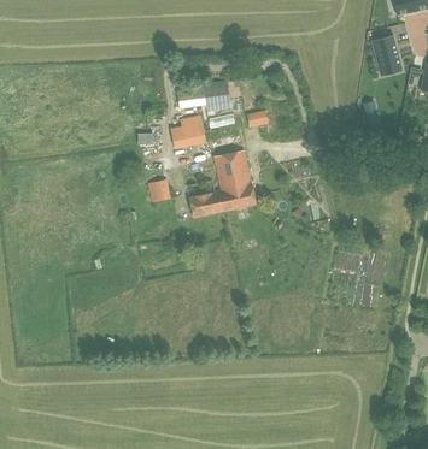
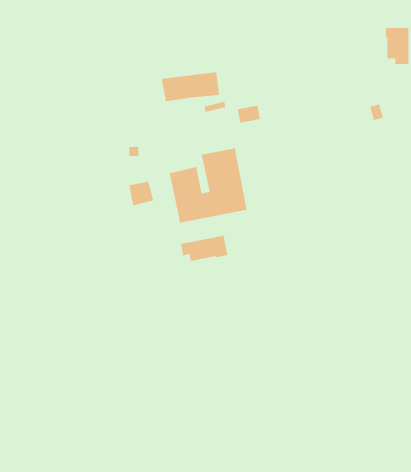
building: [169,120,205,148] -> none
building: none -> [180,235,228,262]

